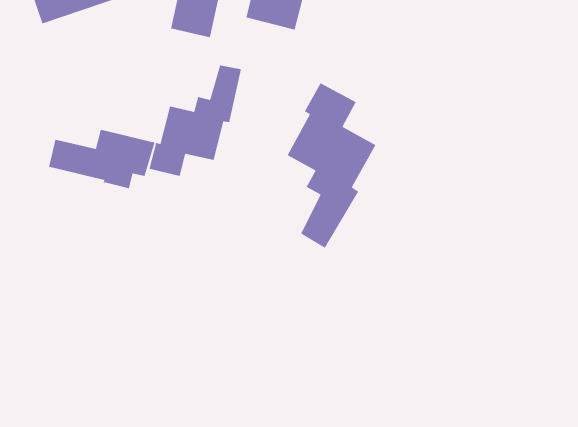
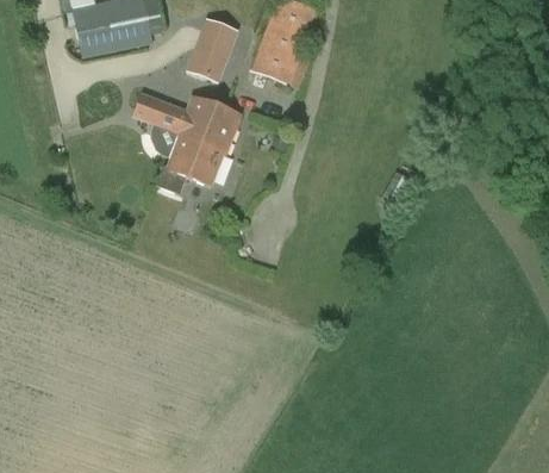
building: [287,82,376,249] -> none
building: [48,129,155,189] -> [135,89,225,142]

